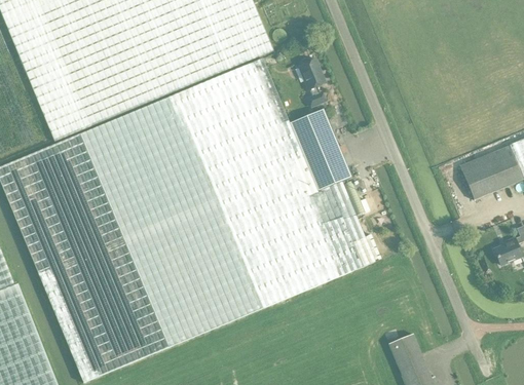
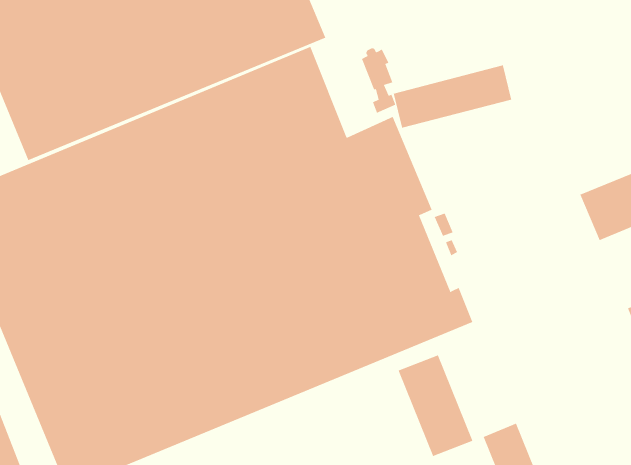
building: none -> [393,65,512,129]
building: none -> [398,354,473,457]

